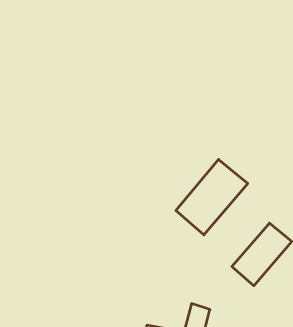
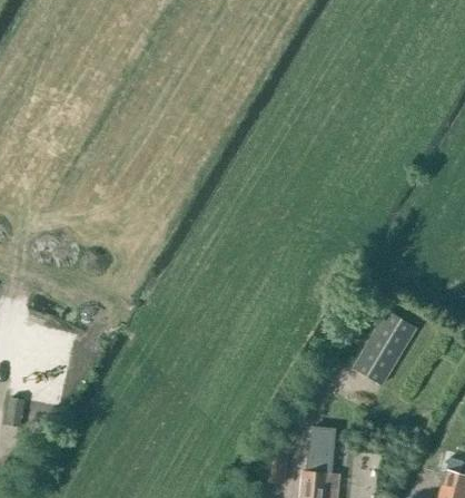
building: [176,159,248,235] -> none

